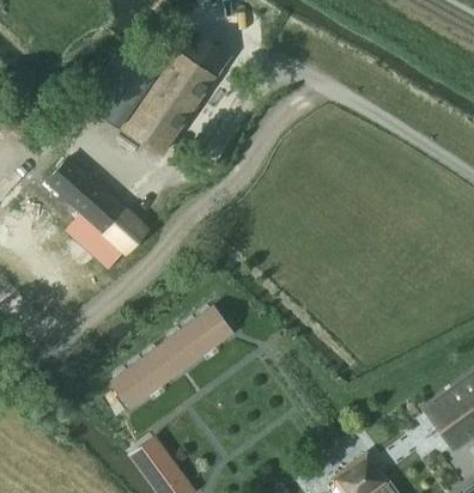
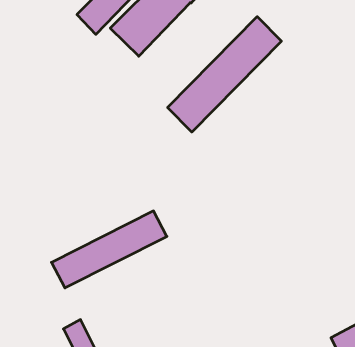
building: none -> [168,17,281,132]
building: [45,158,146,269] -> none

